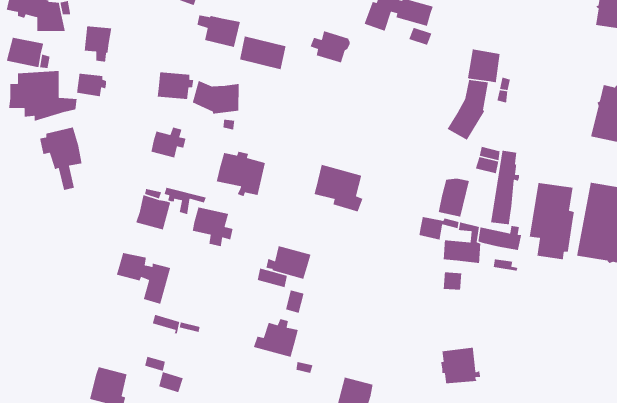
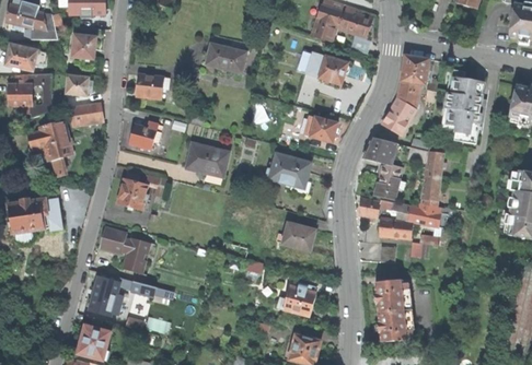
building: [197,14,241,48] -> none
building: [310,30,351,64] -> [313,55,348,83]
building: [192,80,240,114] -> none
building: none -> [65,102,100,123]
building: none -> [303,116,336,141]
building: none -> [362,137,396,161]
building: [529,182,575,260] -> [446,75,485,142]
building: [192,207,234,247] -> none
building: none -> [7,197,61,242]
building: [265,245,312,280] -> [276,221,315,250]
building: none -> [89,276,119,314]
building: none -> [374,279,407,311]
building: [253,318,299,358] -> [276,281,315,315]

